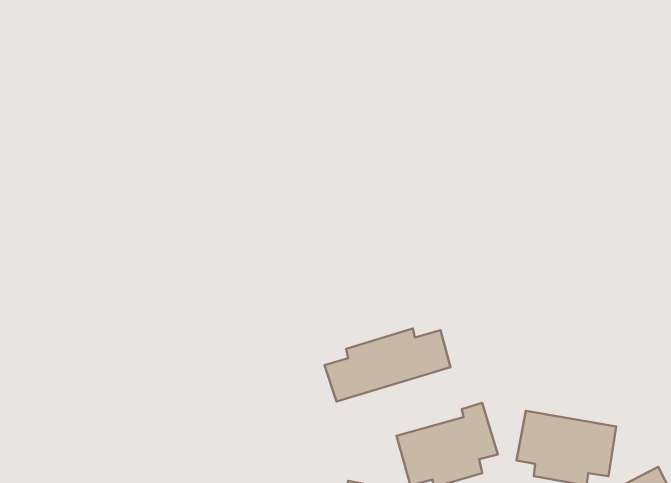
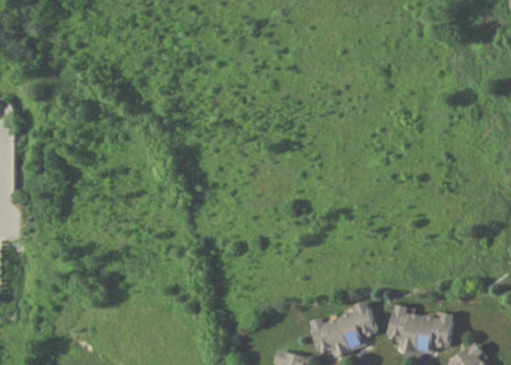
building: [324,328,450,402] -> none

